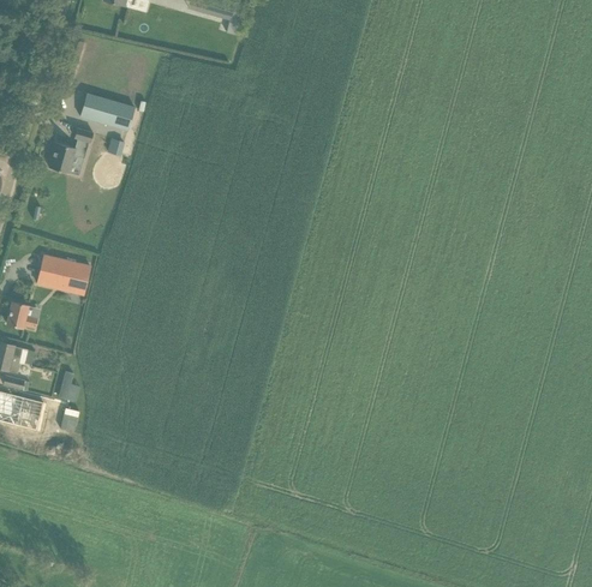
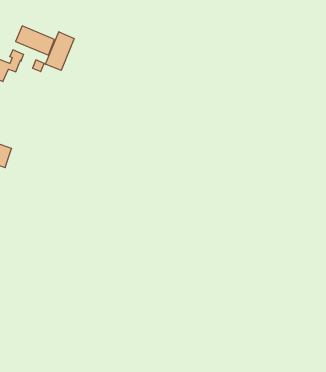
building: none -> [45,32,74,70]

